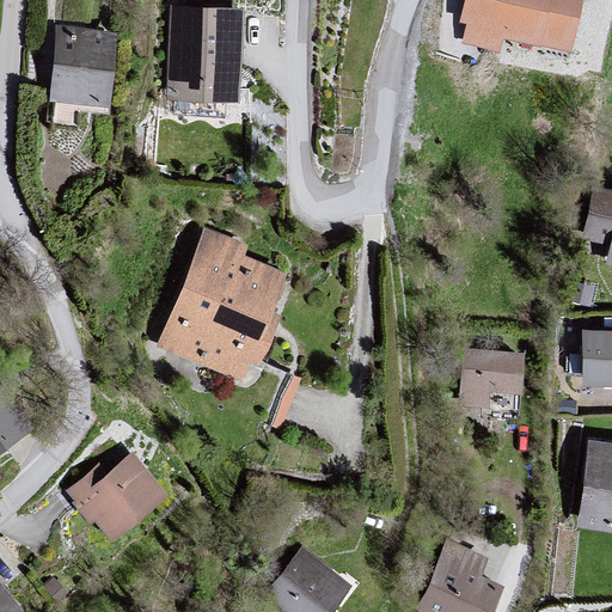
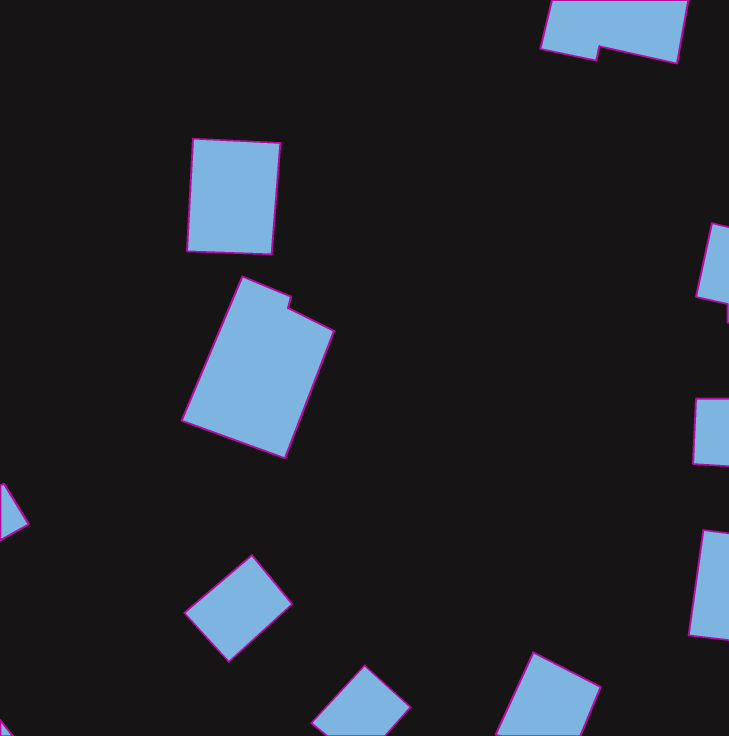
building: [166,7,244,103] -> [187,139,281,254]
building: [56,27,121,105] -> none
building: [457,351,521,410] -> none
building: [74,453,164,541] -> [184,555,292,662]

